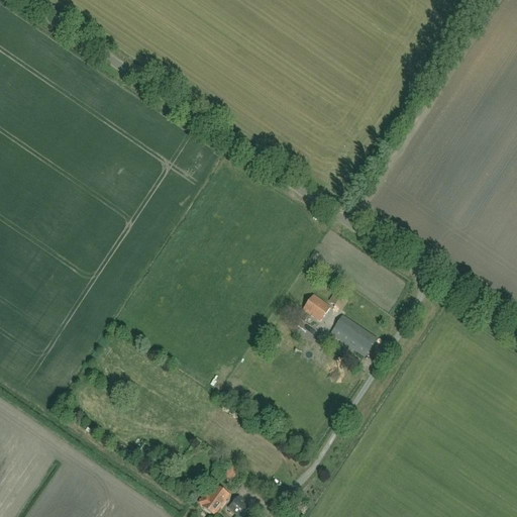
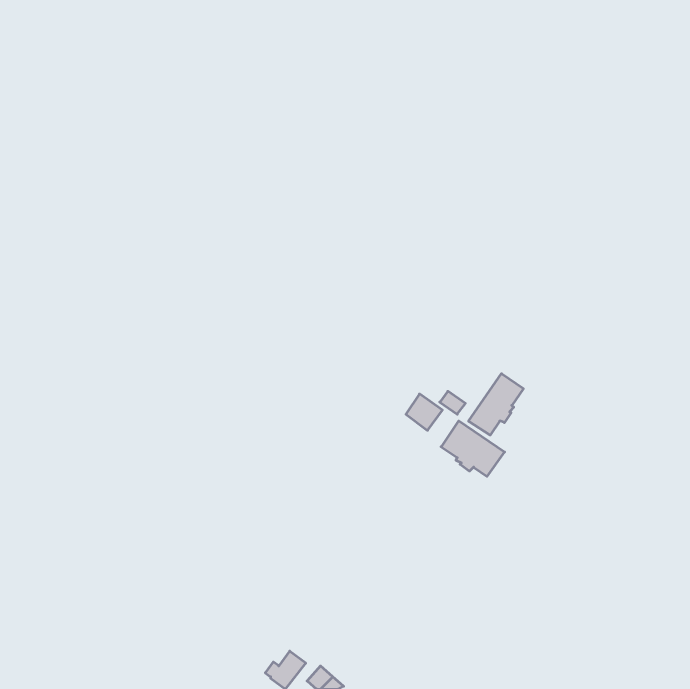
building: none -> [469,374,523,435]

